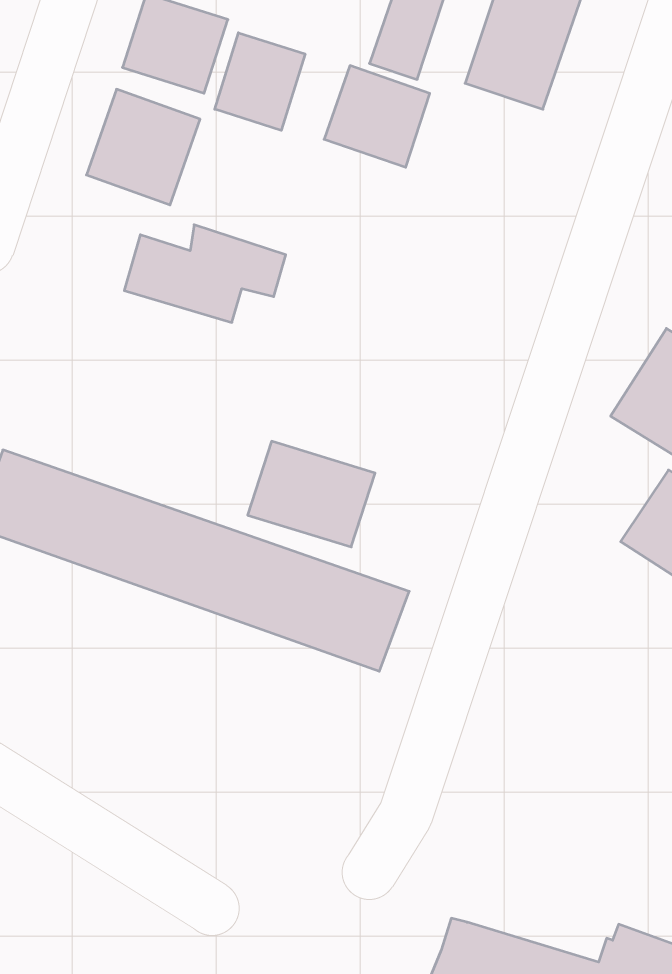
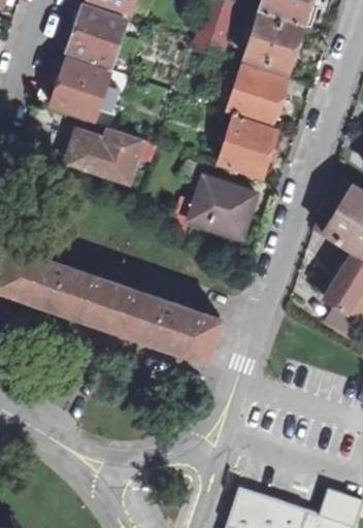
building: [215,33,305,130] -> none
building: [324,66,430,167] -> [229,69,284,122]
building: none -> [221,124,272,175]
building: [248,441,375,547] -> [188,179,254,234]

